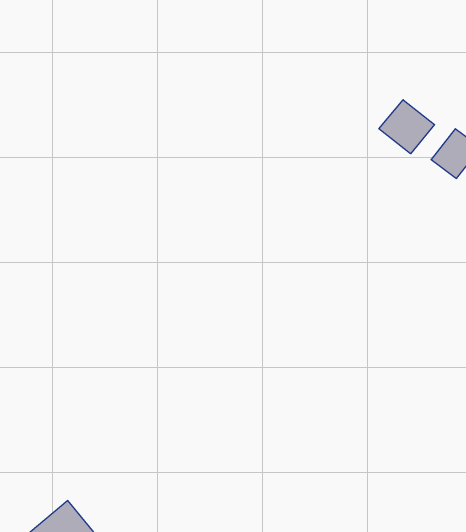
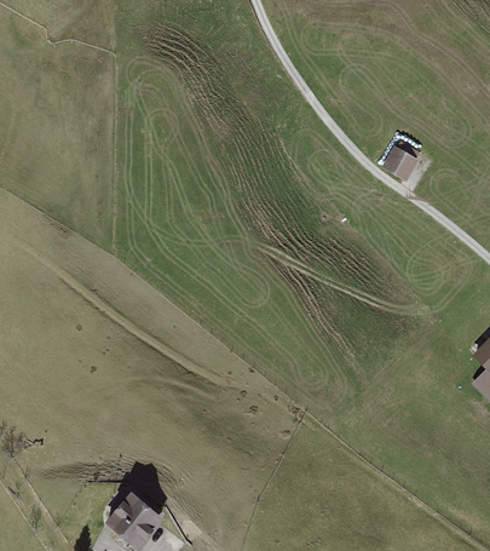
building: [379,100,435,154] -> none

